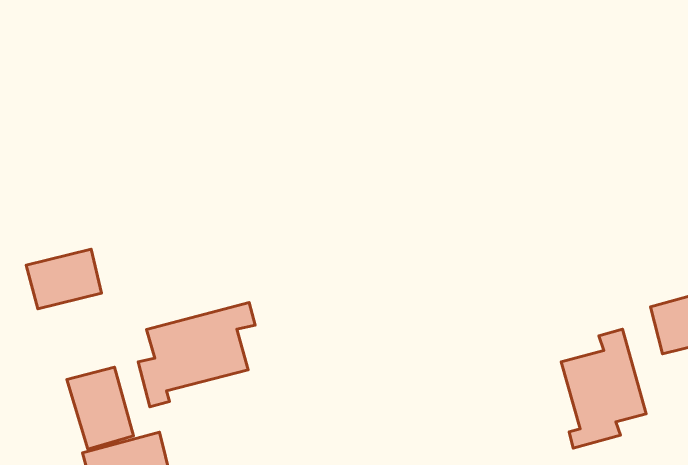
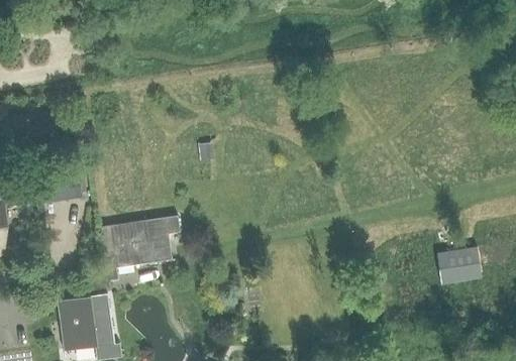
building: [561,329,646,448] -> none
building: [67,367,133,449] -> none

